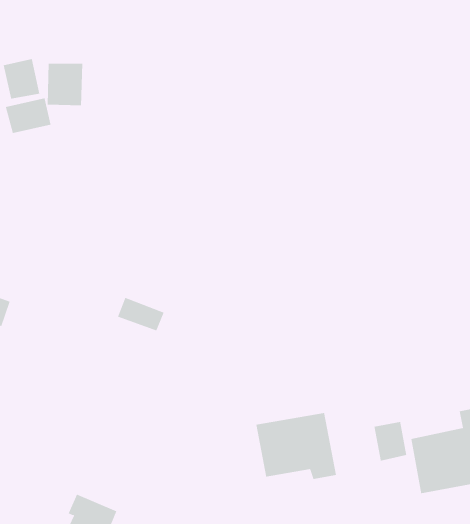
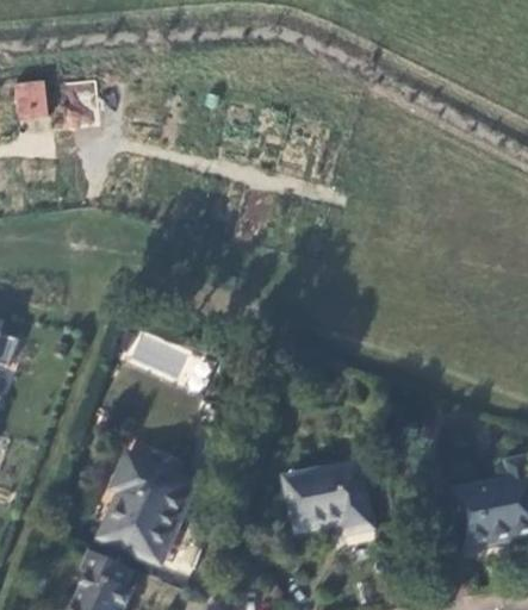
building: [5,98,51,134] -> none
building: none -> [100,454,194,565]
building: [374,421,407,461] -> none

